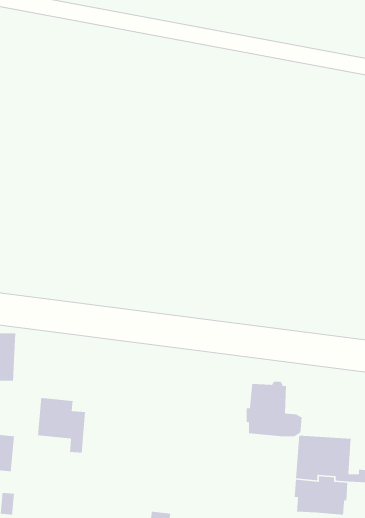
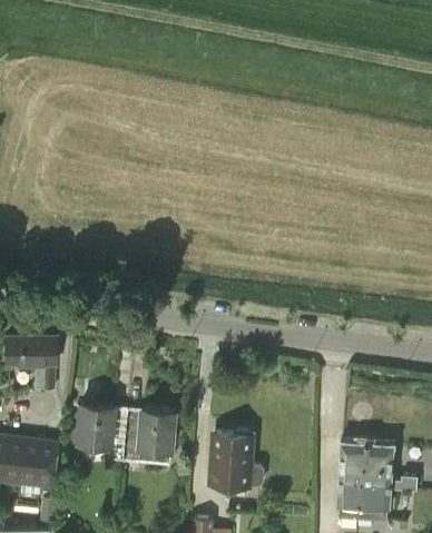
building: [246,381,302,437] -> [209,431,266,487]
building: none -> [124,408,175,463]

